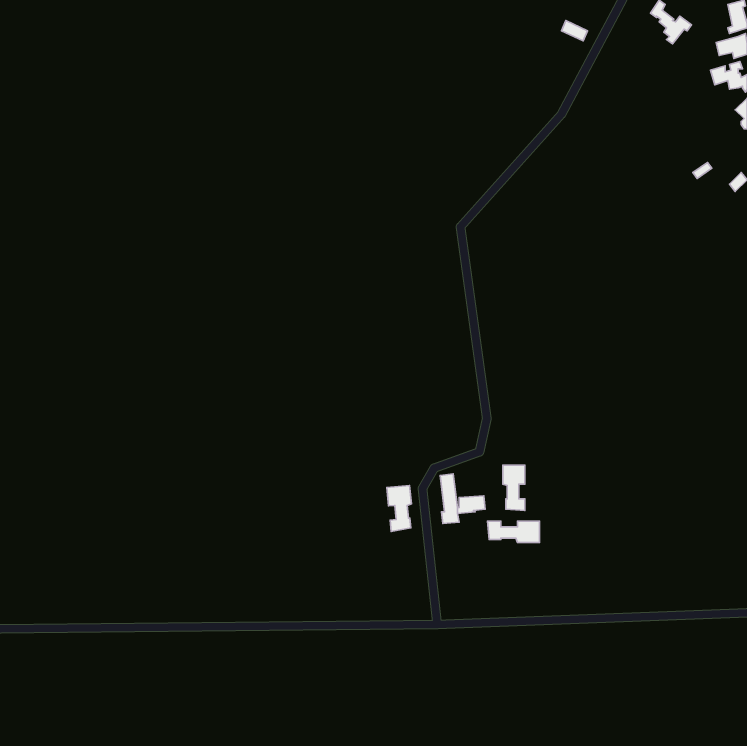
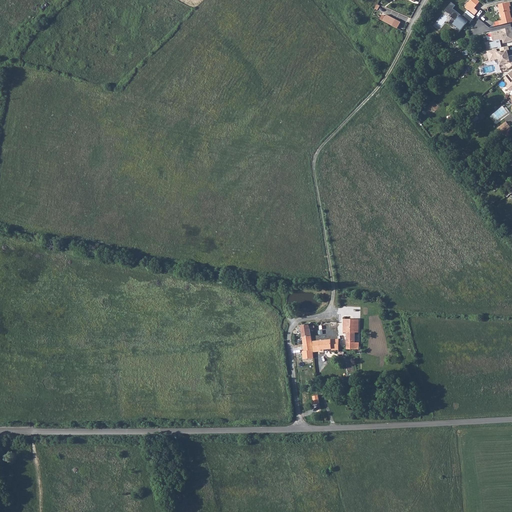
building: [387,485,411,531] -> none
building: [487,521,539,542] -> none

